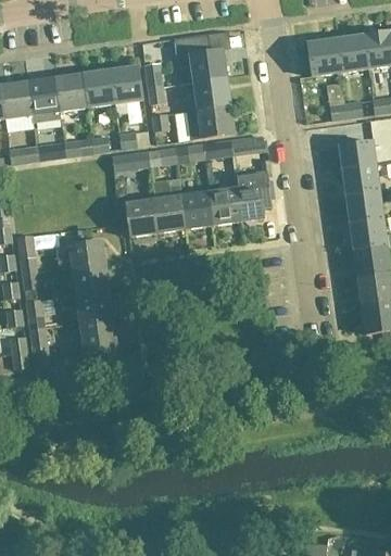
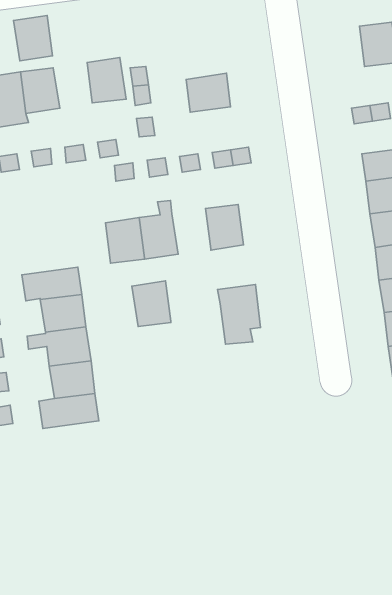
building: [174,33,226,81] -> none
building: [308,37,341,75] -> none
building: [81,67,114,105] -> [13,15,52,61]
building: [185,104,234,139] -> none
building: [234,169,269,219] -> [218,284,261,344]
building: [180,189,213,227] -> [132,281,171,326]

